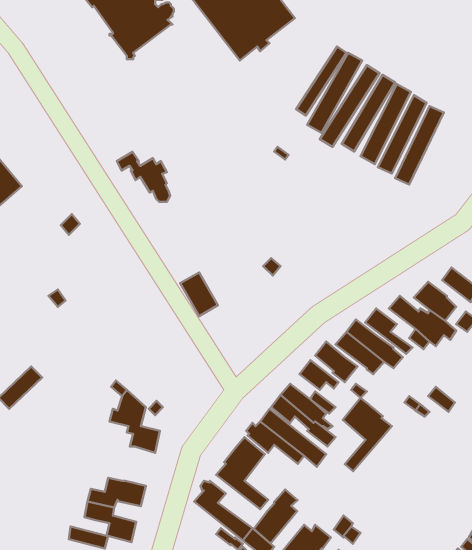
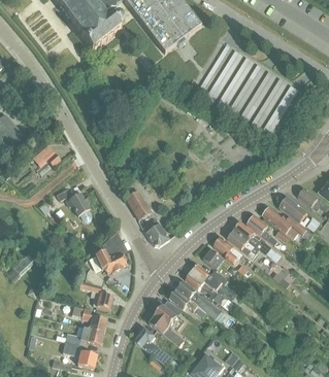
building: [117,152,170,202] -> [56,187,91,220]
building: none -> [140,218,168,245]
building: none -> [92,232,126,273]
building: [343,398,392,471] -> none
building: none -> [71,305,105,331]
building: [254,490,297,544] -> none

